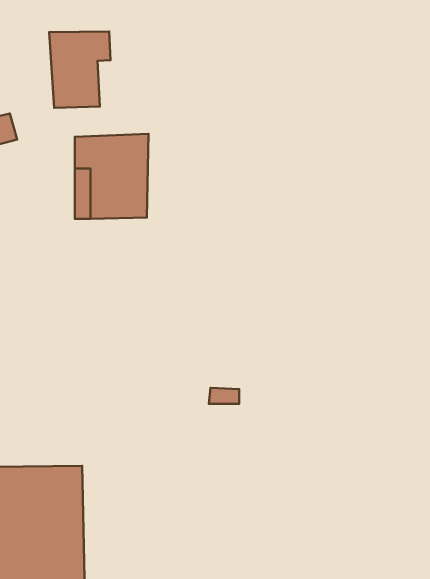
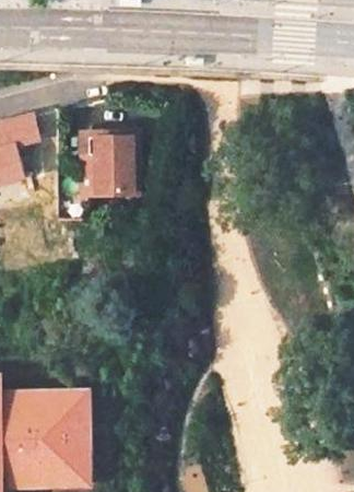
building: [49,32,111,108] -> none

